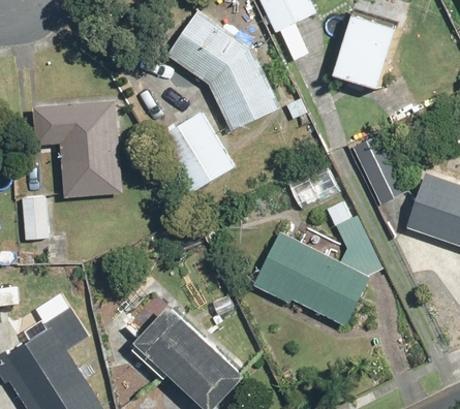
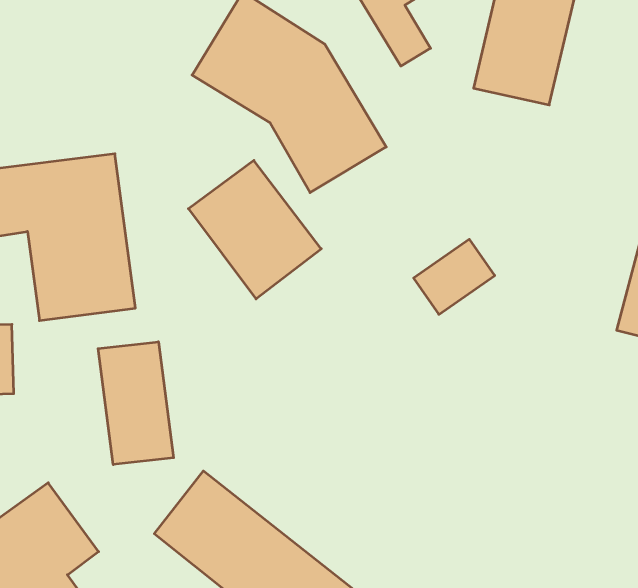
building: [350,134,407,208] -> none
building: [251,202,382,327] -> none
building: none -> [98,342,174,465]

